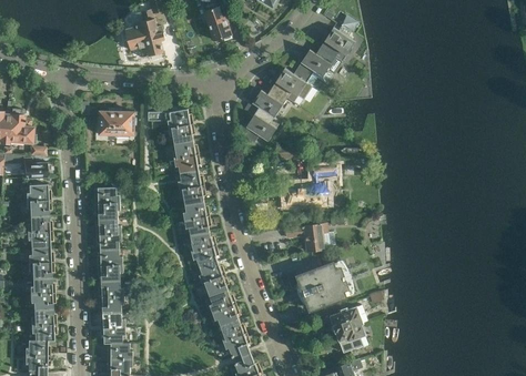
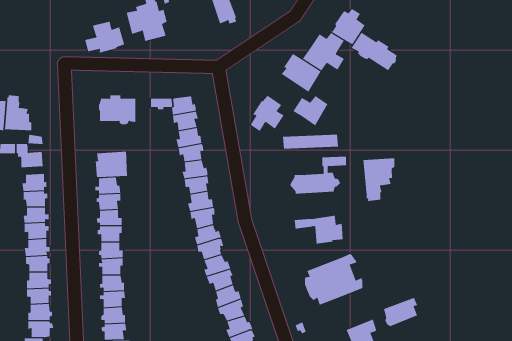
building: none -> [84,21,125,53]
building: none -> [351,32,397,71]
building: [252,88,286,119] -> [292,94,328,126]
building: none -> [95,151,127,178]
building: none -> [363,158,395,202]
building: [330,305,363,334] -> [383,297,418,327]

